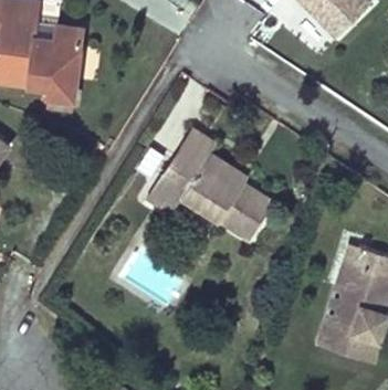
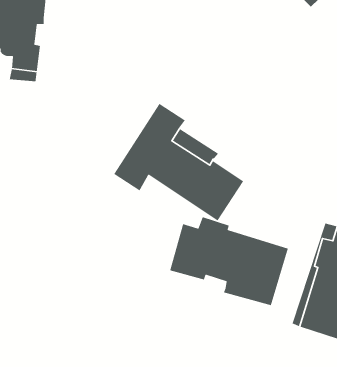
building: none -> [169,216,289,306]

